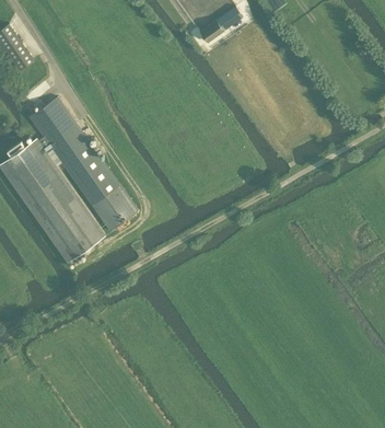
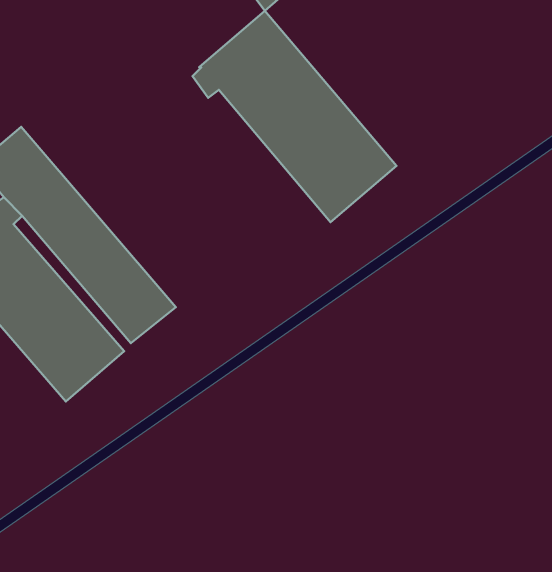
building: none -> [192,11,396,222]

